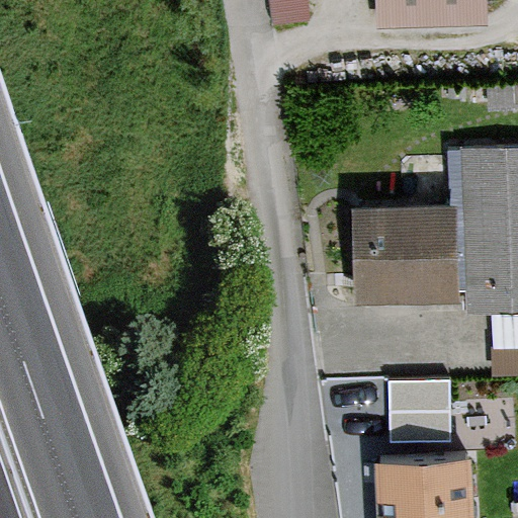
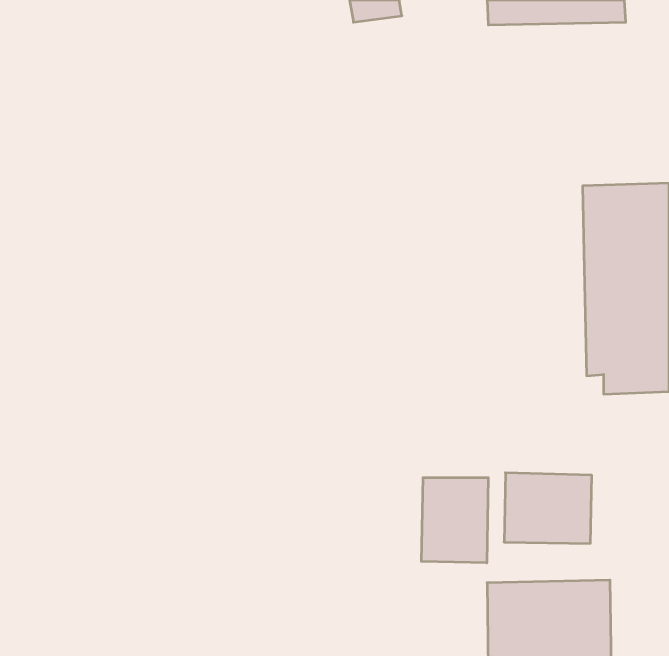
building: [353,205,453,303] -> none
building: none -> [421,478,488,563]

